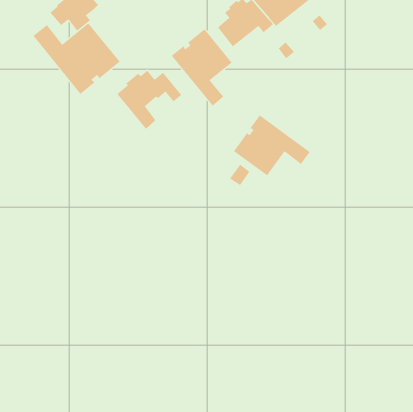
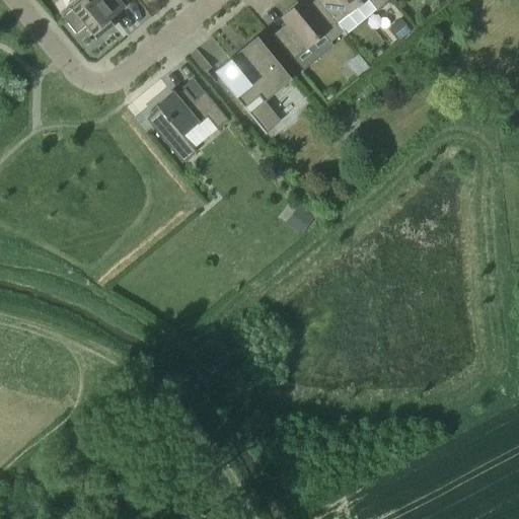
building: [33,23,120,95] -> none
building: [233,114,310,176] -> none

